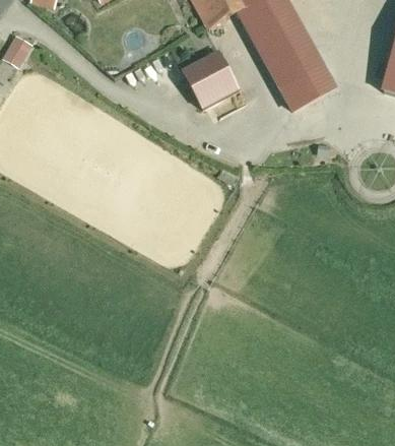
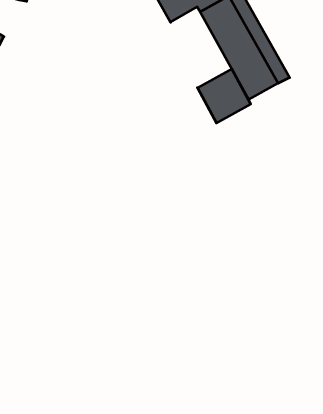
building: [183,51,240,109] -> [197,69,251,123]

